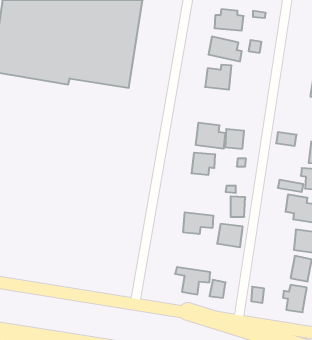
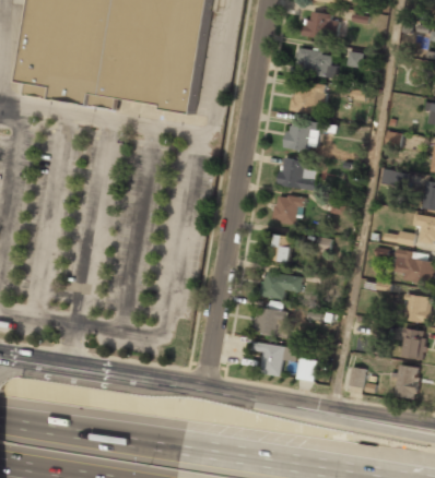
building: [225,129,244,149] -> [285,126,309,151]
building: [231,196,245,217] -> [272,235,291,261]
building: [217,224,243,247] -> [255,308,287,337]

